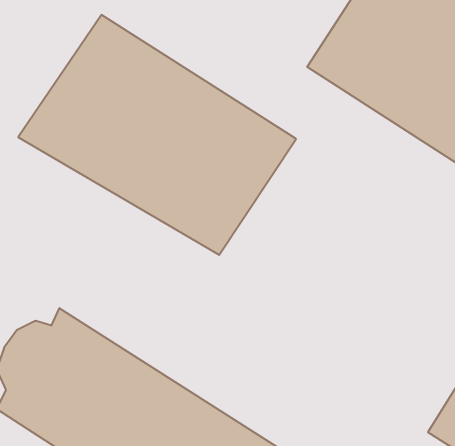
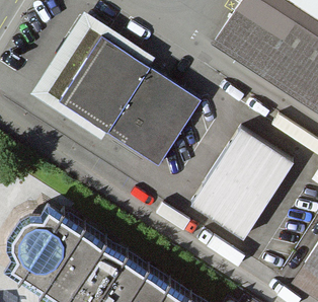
building: none -> [193,125,300,239]

